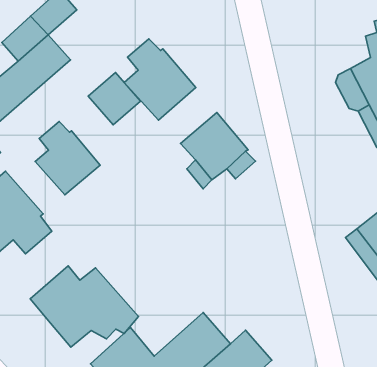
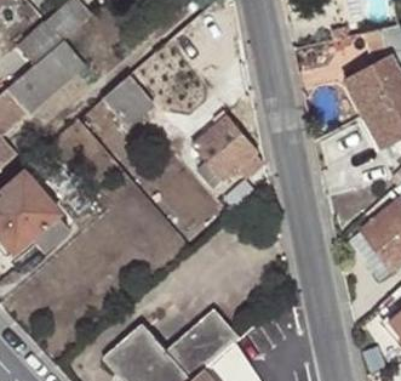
building: [124,39,196,120] -> none
building: [35,122,100,195] -> none
building: [30,266,139,347] -> none

